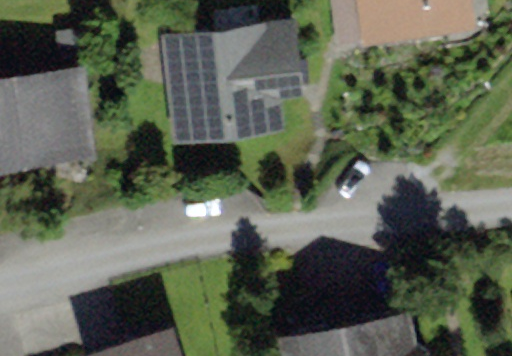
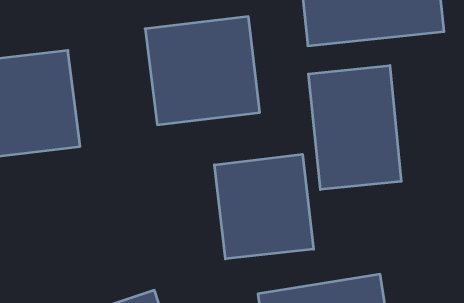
building: none -> [308,65,401,190]
building: none -> [214,154,314,259]

